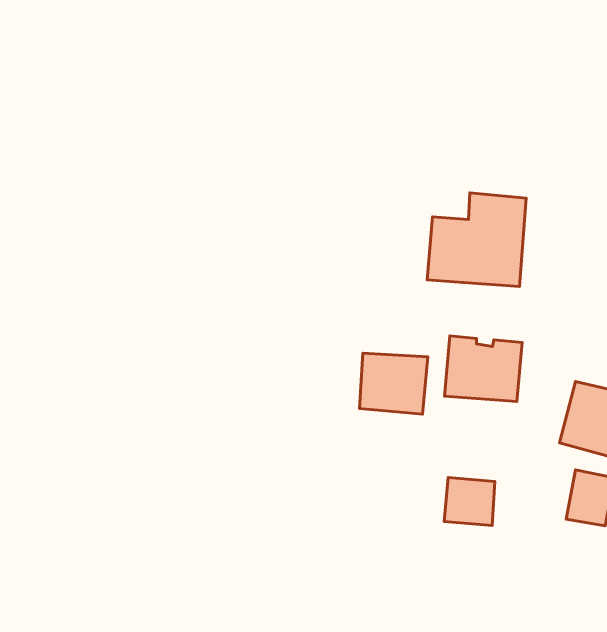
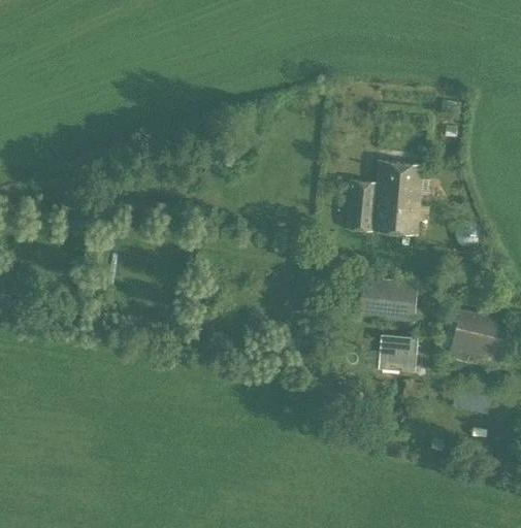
building: [359,353,428,414] -> none
building: [444,477,495,526] -> [375,333,414,370]

